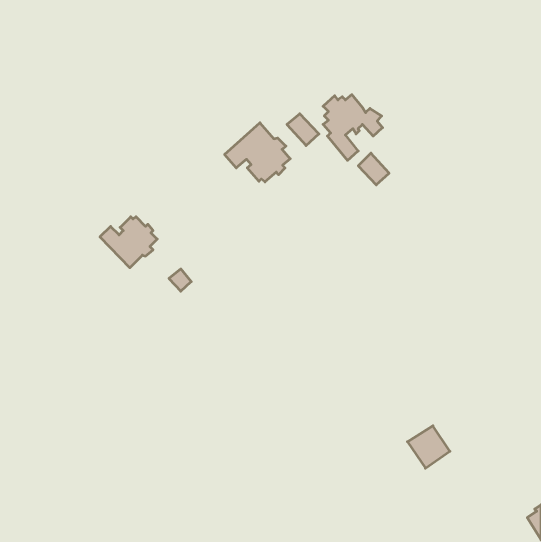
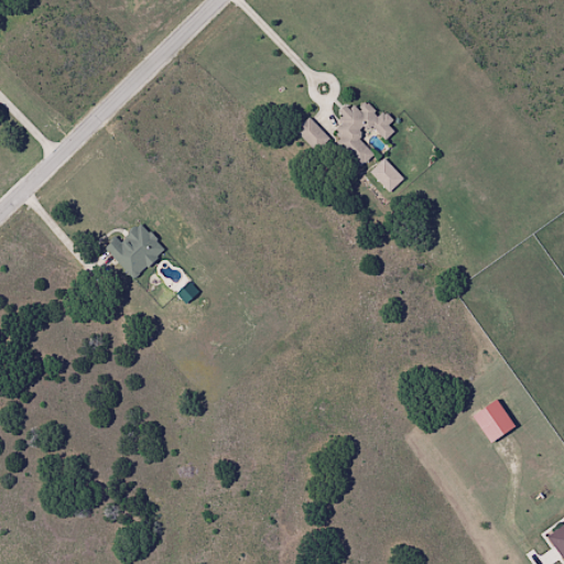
building: [225,123,290,182] -> none
building: [407,426,450,468] -> [471,399,516,443]

